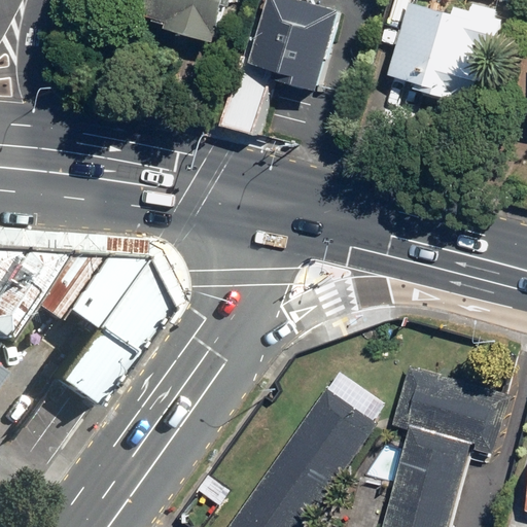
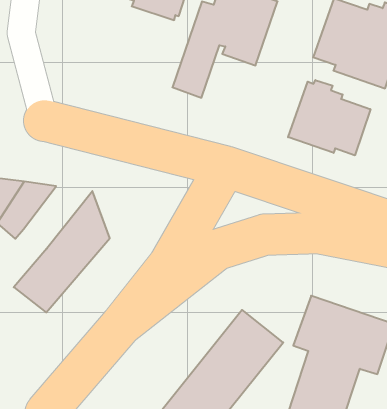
building: none -> [288,80,370,155]
building: [52,252,133,328] -> none

